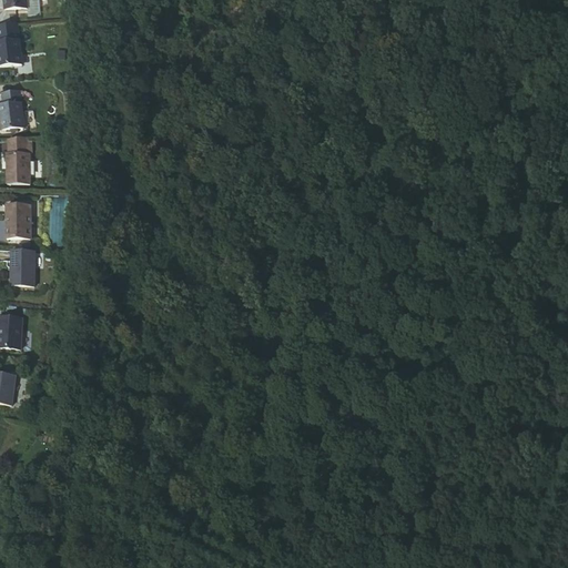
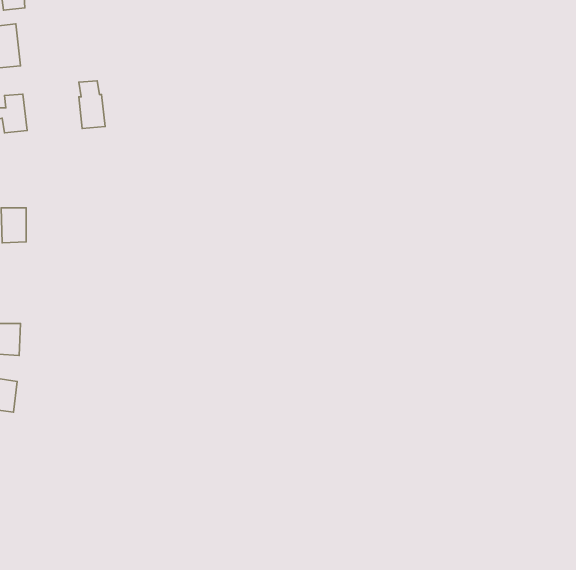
building: [11,138,37,184] -> [79,81,105,129]
building: [8,250,31,284] -> none

